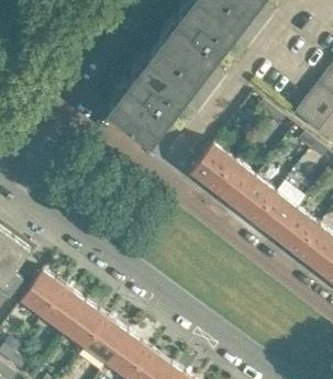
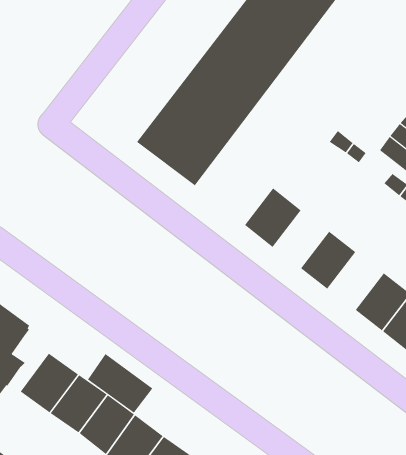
building: [213,161,256,205] -> none
building: [255,193,298,237] -> none
building: none -> [87,353,153,413]

